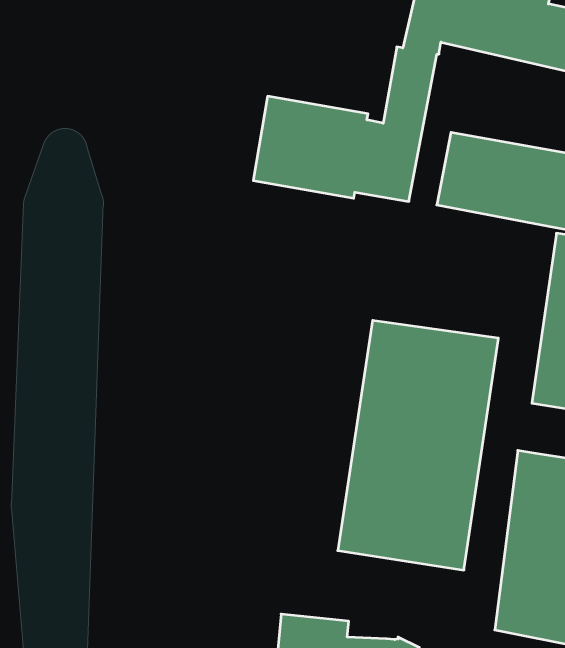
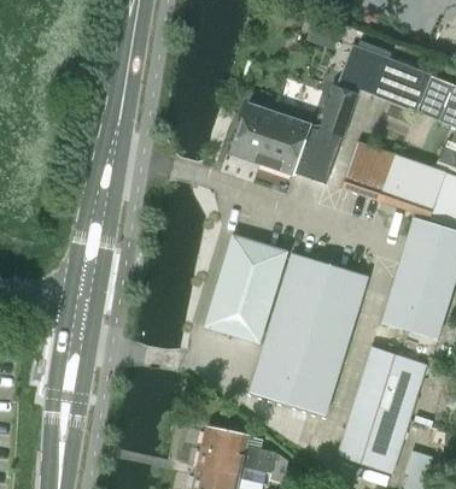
building: none -> [204,234,288,343]

